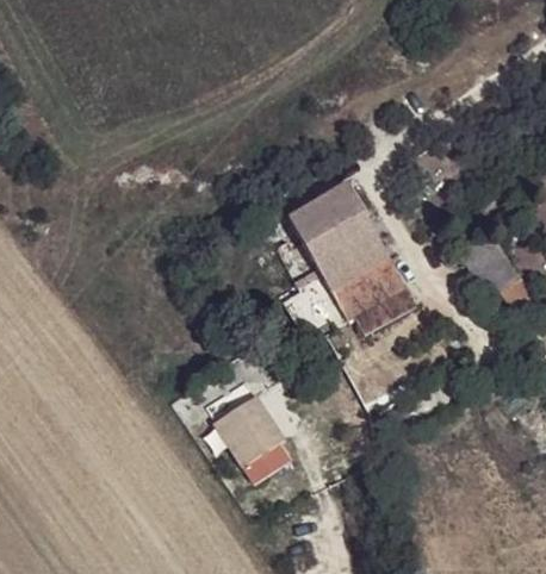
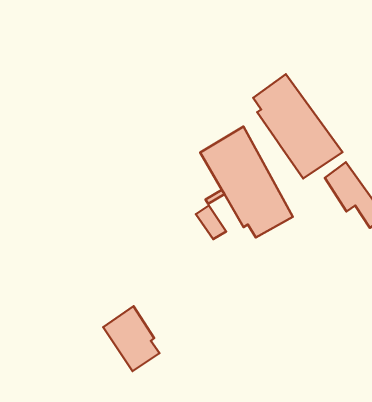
building: none -> [253,74,343,179]
building: [213,393,291,482] -> [103,306,159,371]

